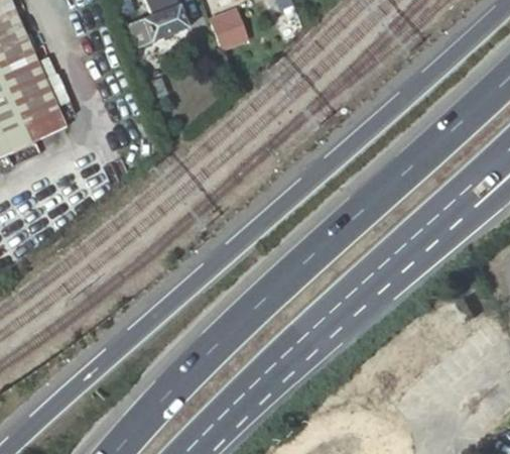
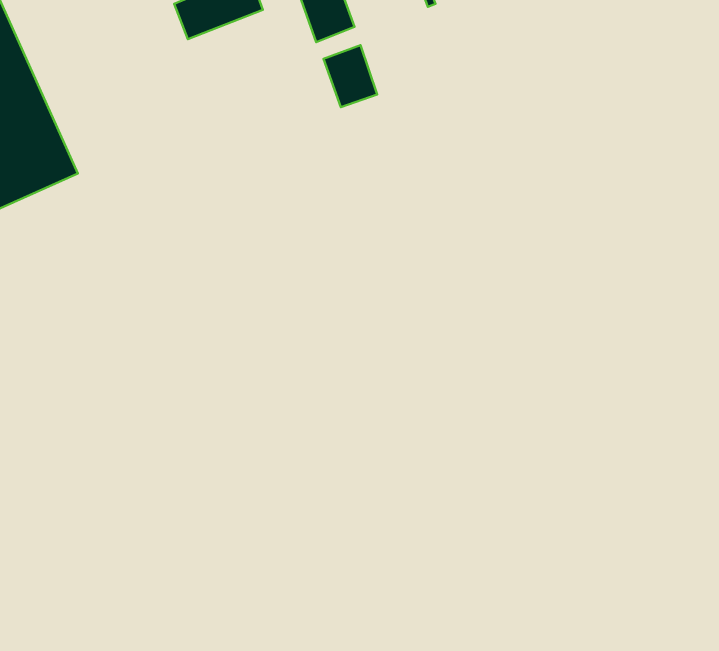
building: none -> [324,45,377,107]

